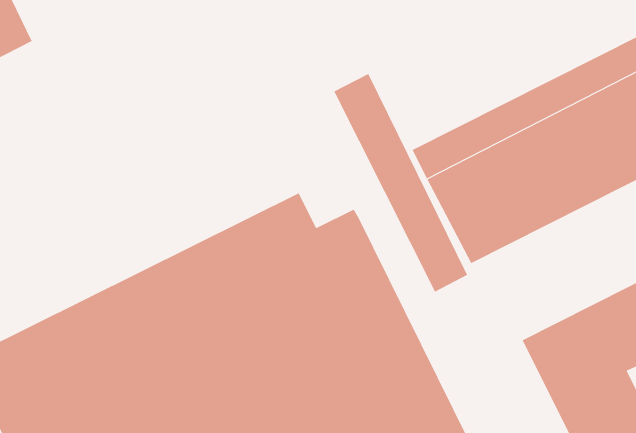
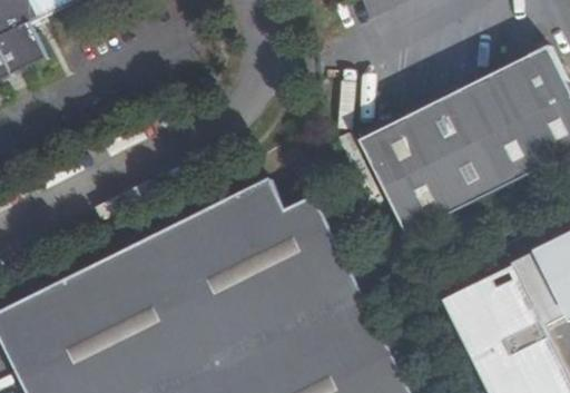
building: [334,73,468,292] -> none

